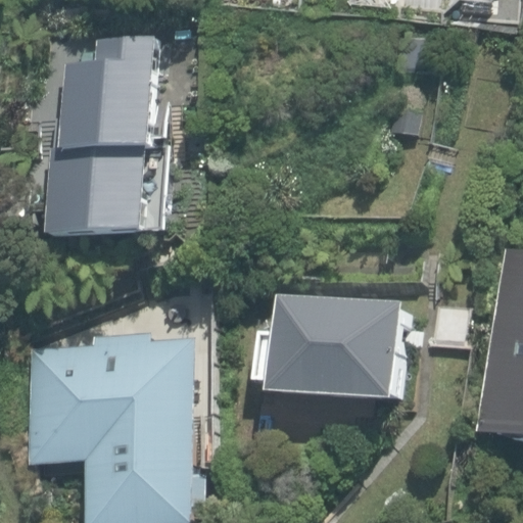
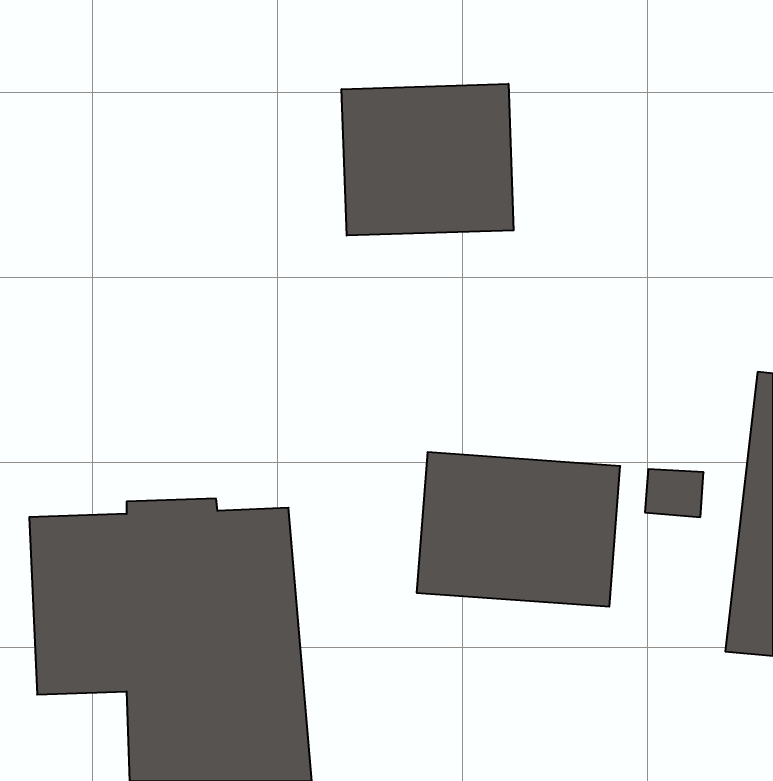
building: [51,36,155,237] -> none
building: none -> [342,84,514,236]

